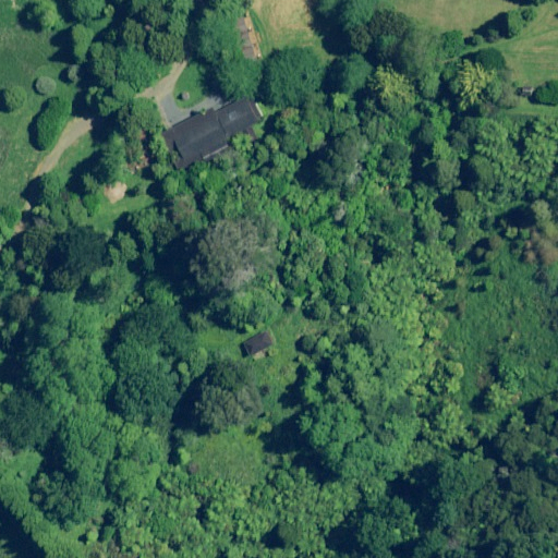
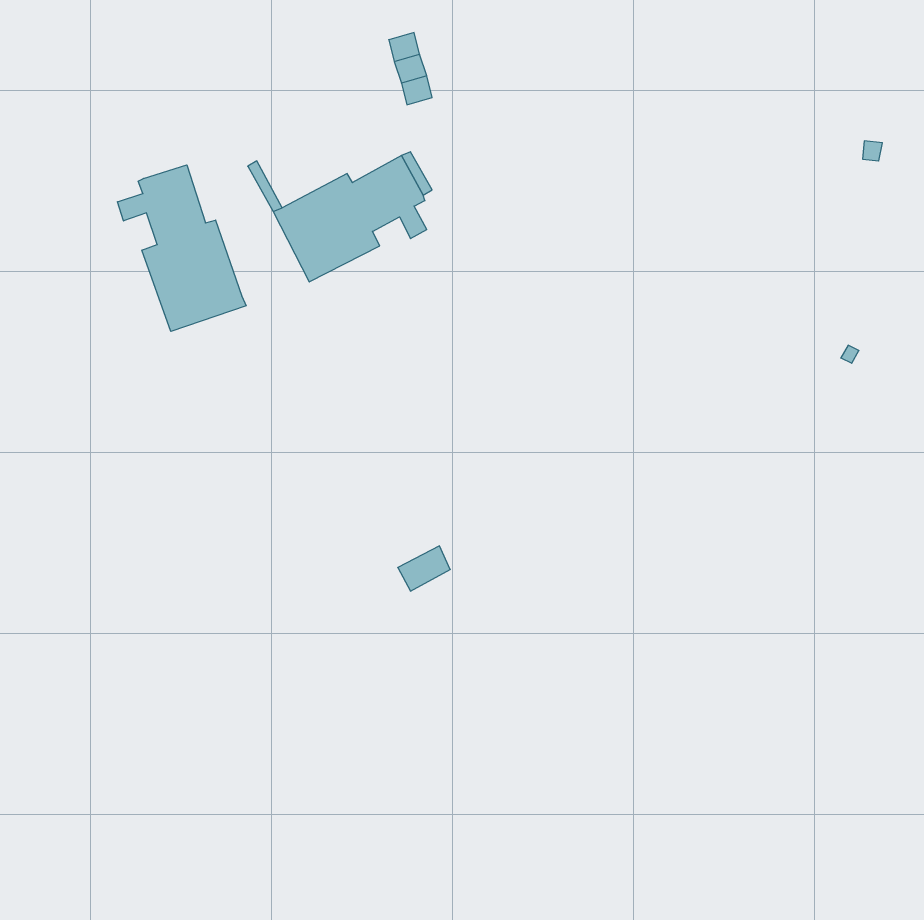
building: none -> [117,165,246,331]

